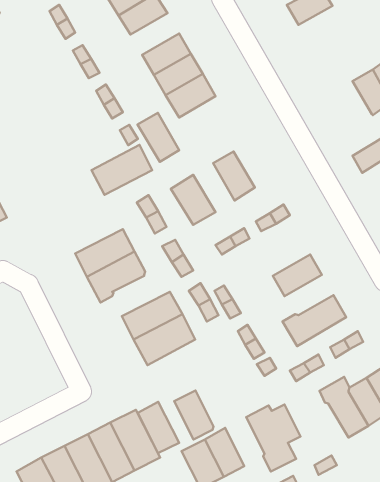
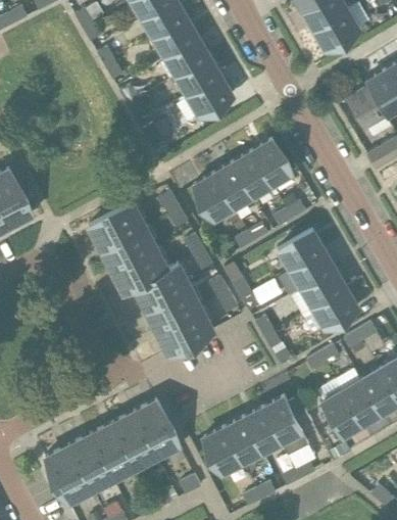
building: none -> [313,11,358,50]
building: none -> [152,18,199,58]
building: none -> [346,84,384,127]
building: [138,113,179,162] -> [212,162,252,209]
building: none -> [251,139,293,186]
building: [92,145,152,195] -> [87,201,145,249]
building: none -> [277,229,325,271]
building: none -> [135,261,190,310]
building: none -> [300,270,347,309]
building: [174,390,214,439] -> [243,407,281,454]
building: [138,402,179,453] -> none
building: none -> [319,392,361,439]

